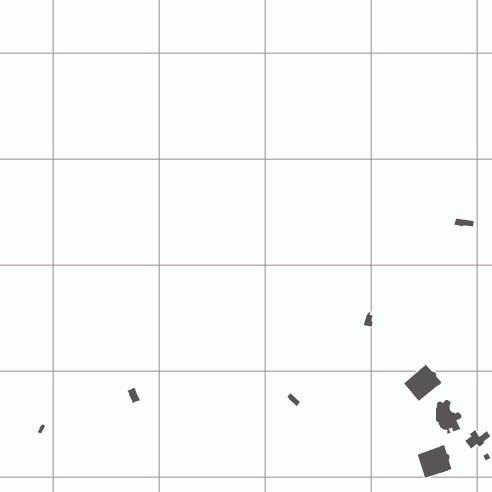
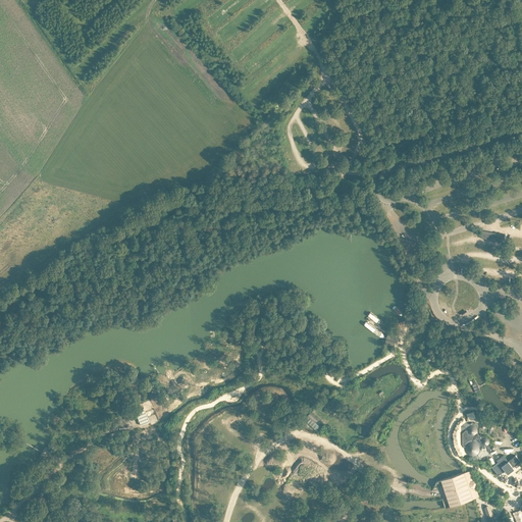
building: [403,364,442,402] -> none

